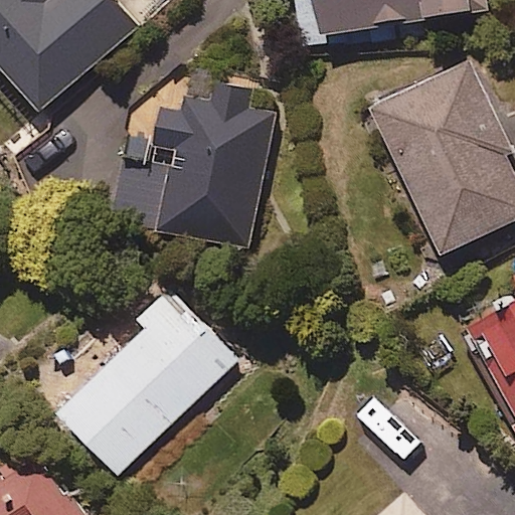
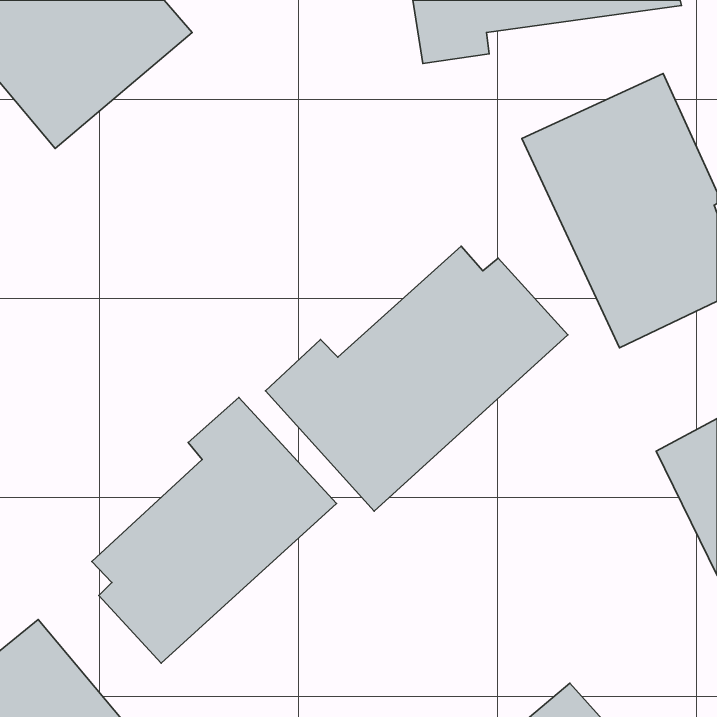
building: [110,81,275,246] -> none
building: none -> [266,246,568,511]

